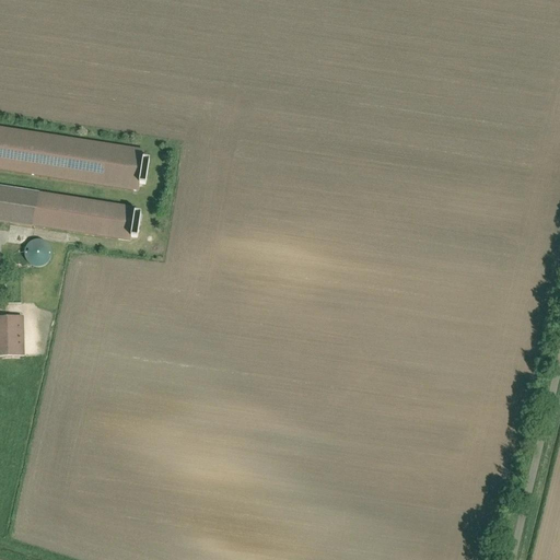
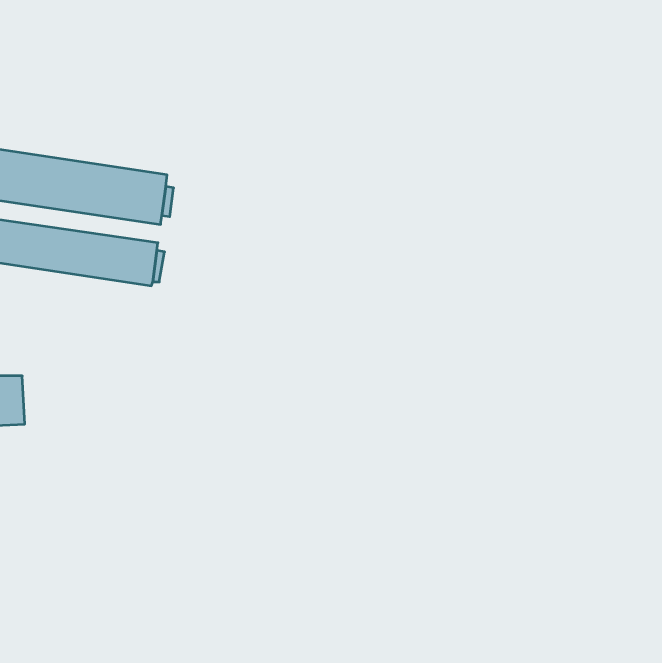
building: [20,238,47,265] -> none

